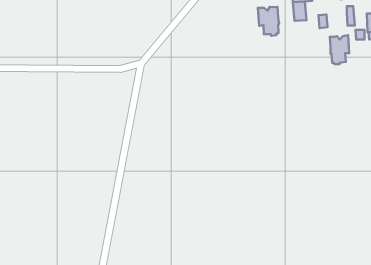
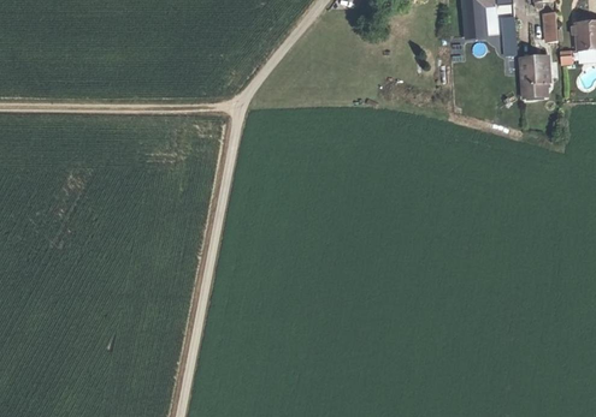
building: [258,7,279,36] -> none

